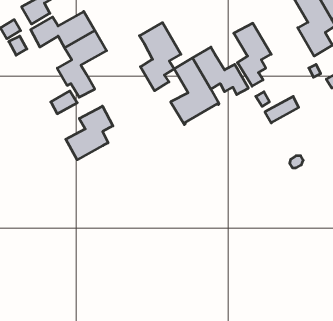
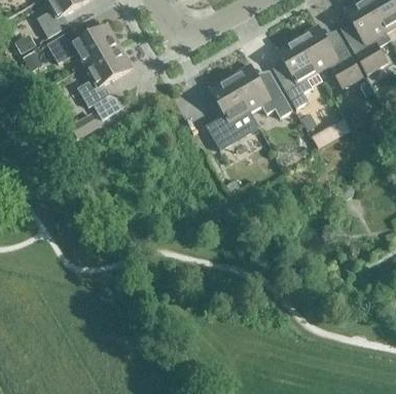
building: none -> [297,24,362,87]
building: [139,23,181,91] -> none
building: [66,106,113,160] -> none

